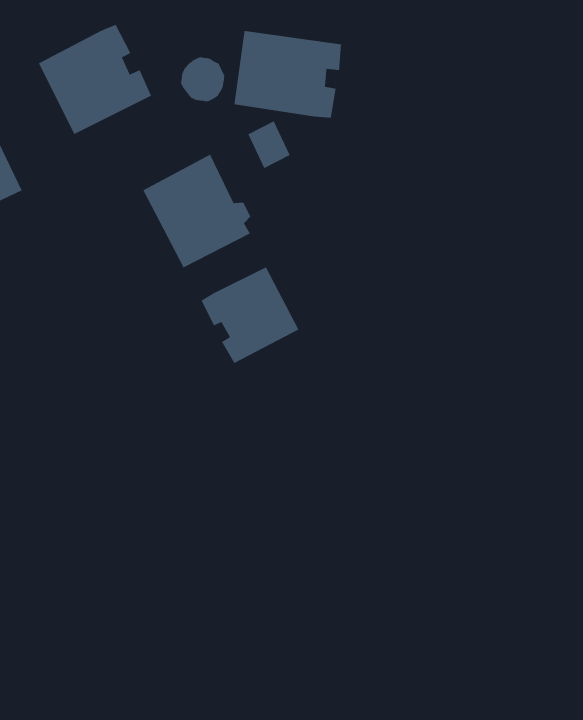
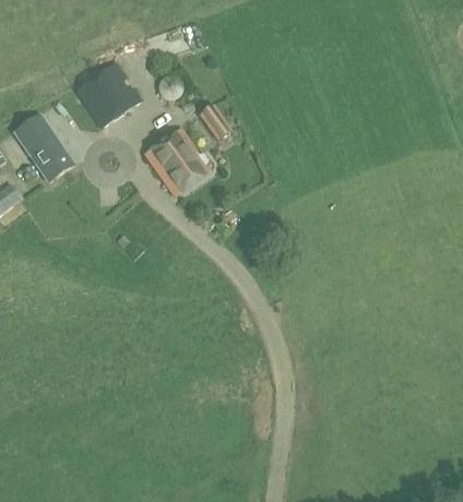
building: [234,30,341,118] -> none
building: [201,266,299,364] -> none

